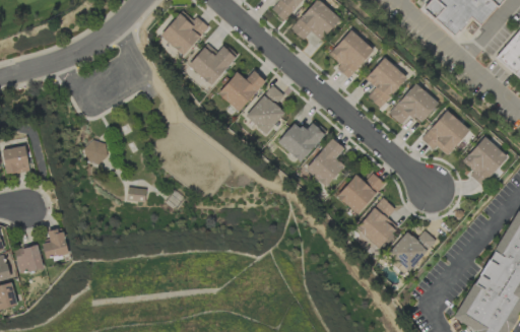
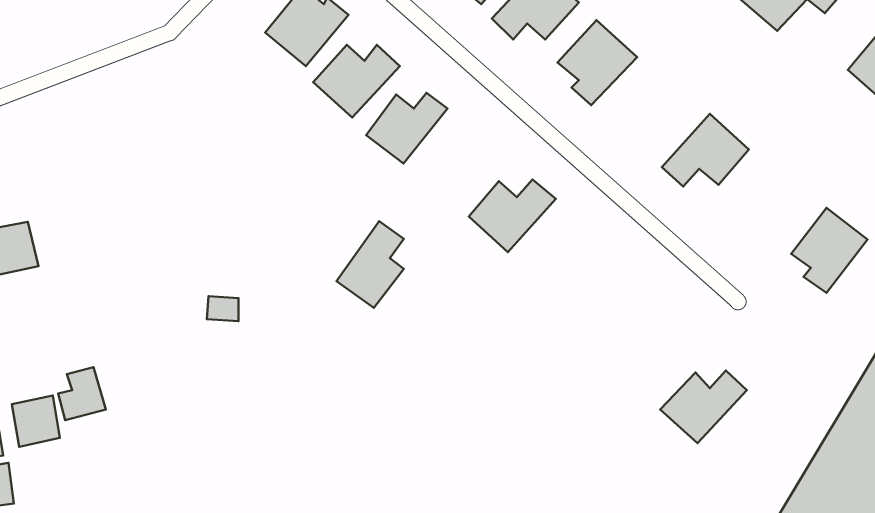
building: [367,57,407,108] -> none
building: [247,83,285,133] -> [337,221,404,308]
building: [421,110,470,154] -> none
building: [306,137,345,187] -> none
building: [86,140,109,160] -> none
building: [338,173,385,214] -> none
building: [358,197,399,247] -> none

